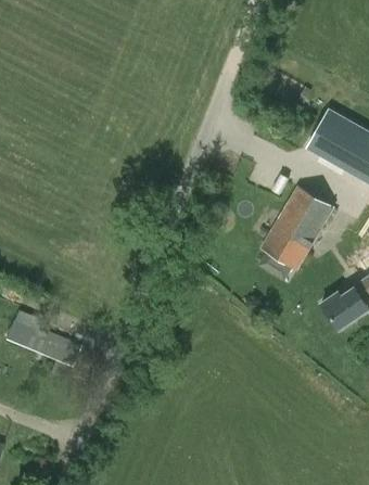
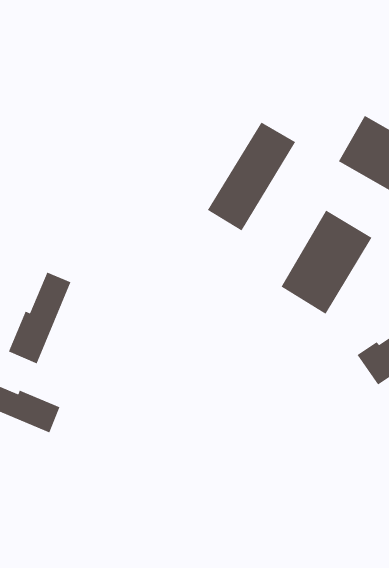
building: none -> [207,122,296,232]
building: none -> [8,271,72,364]

